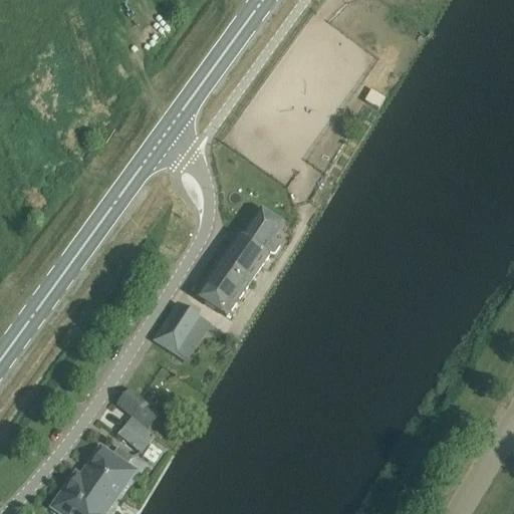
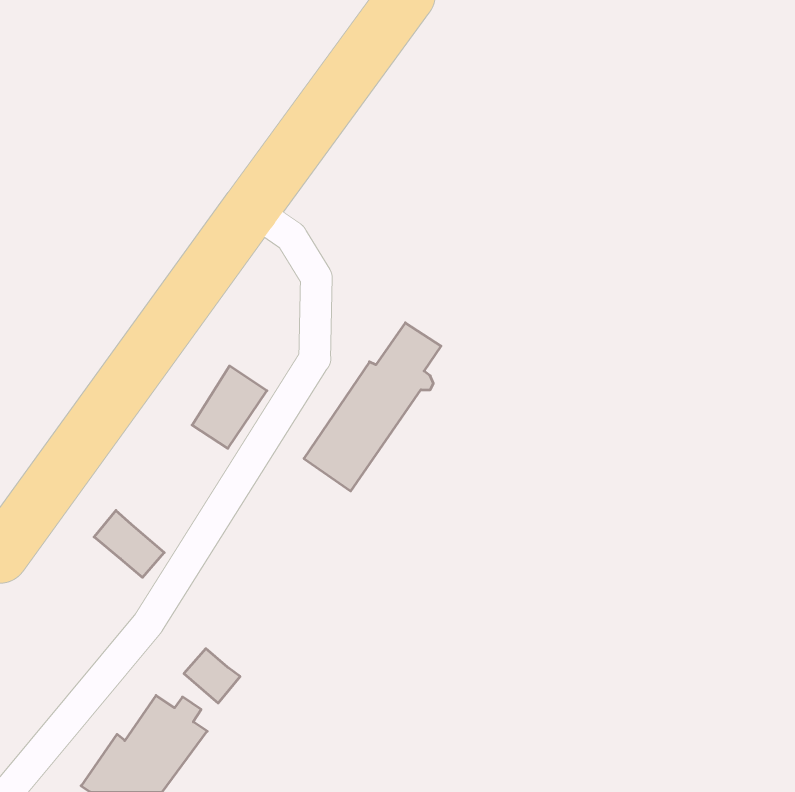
building: [155,302,203,355] -> [192,366,267,448]
building: [116,387,162,430] -> [94,510,164,577]

